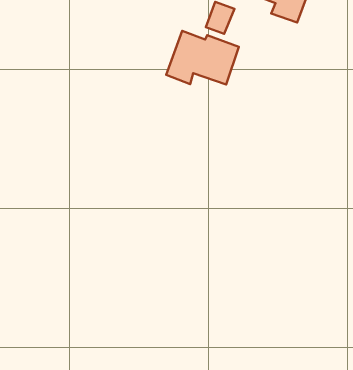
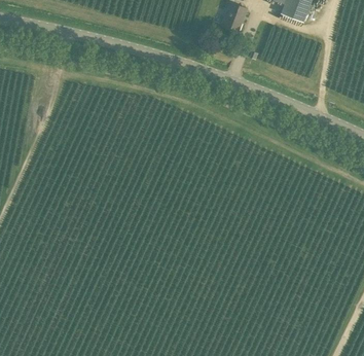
building: [166,31,239,85] -> none

